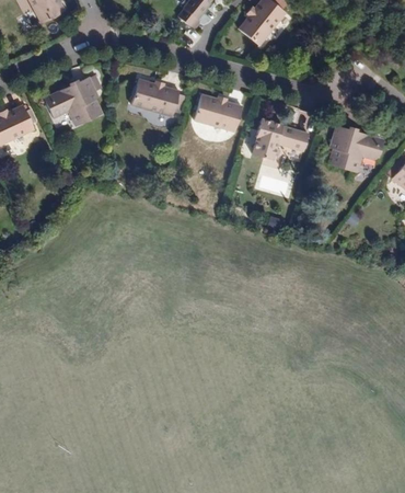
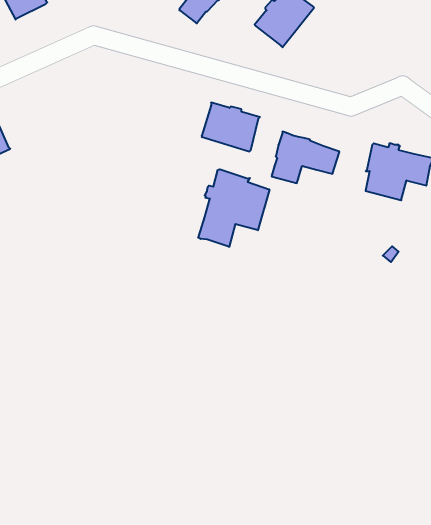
building: [44,77,104,127] -> none
building: [132,78,187,117] -> none
building: none -> [198,169,269,247]

